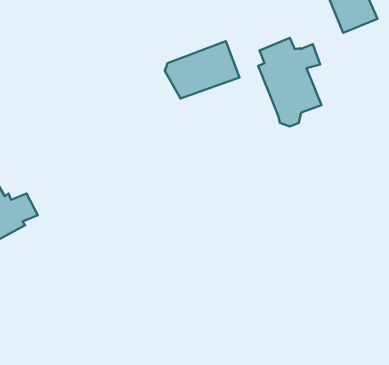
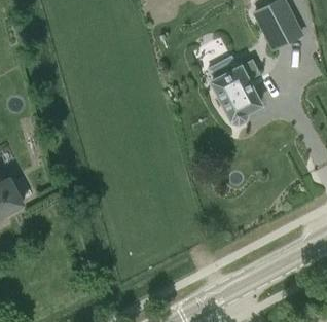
building: [165,41,240,99] -> none

